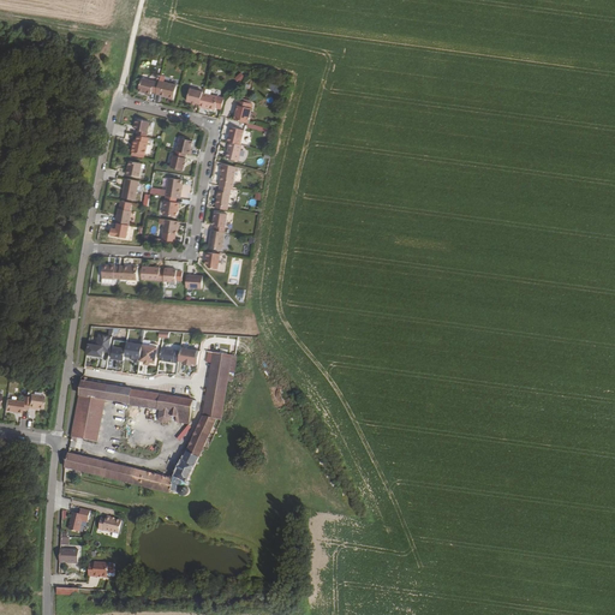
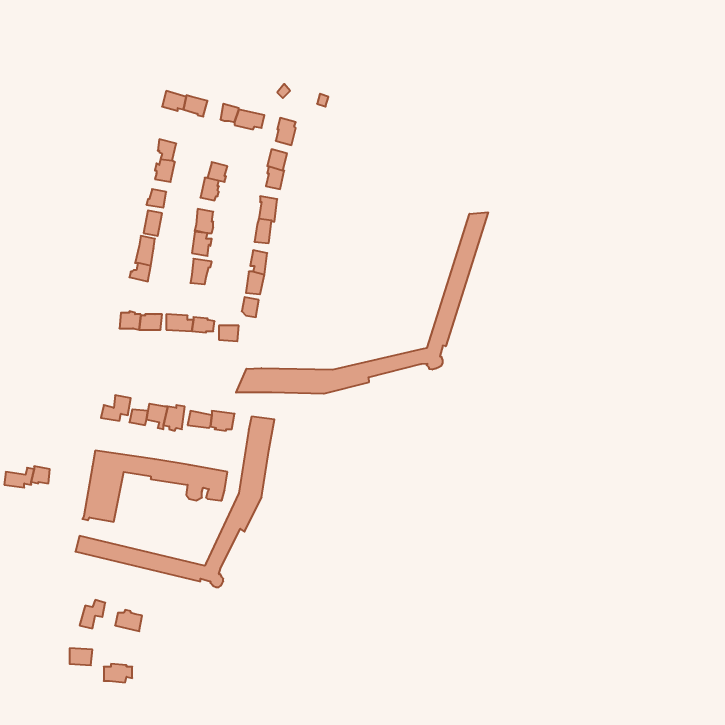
building: none -> [236,212,488,394]

